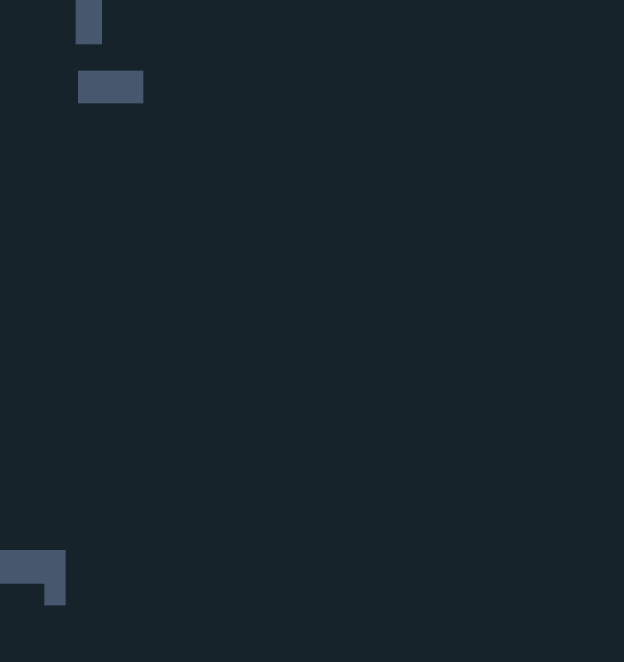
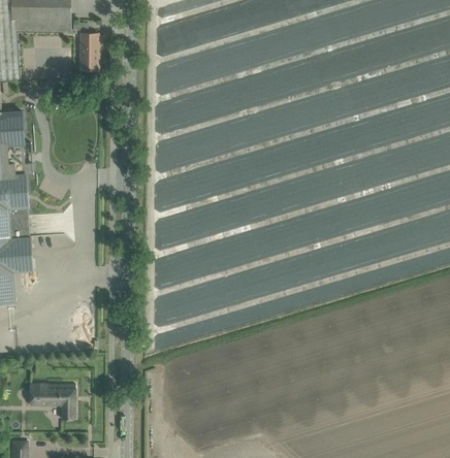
building: [77,70,144,104] -> none

